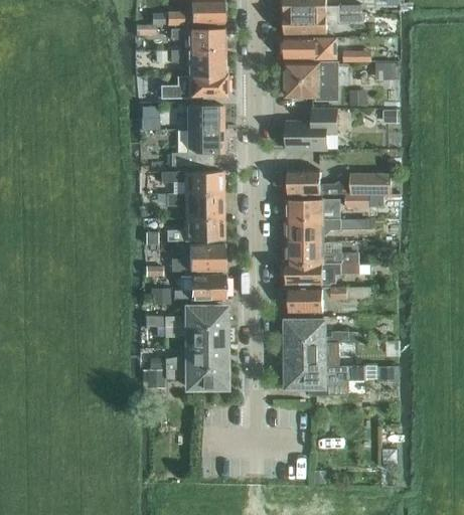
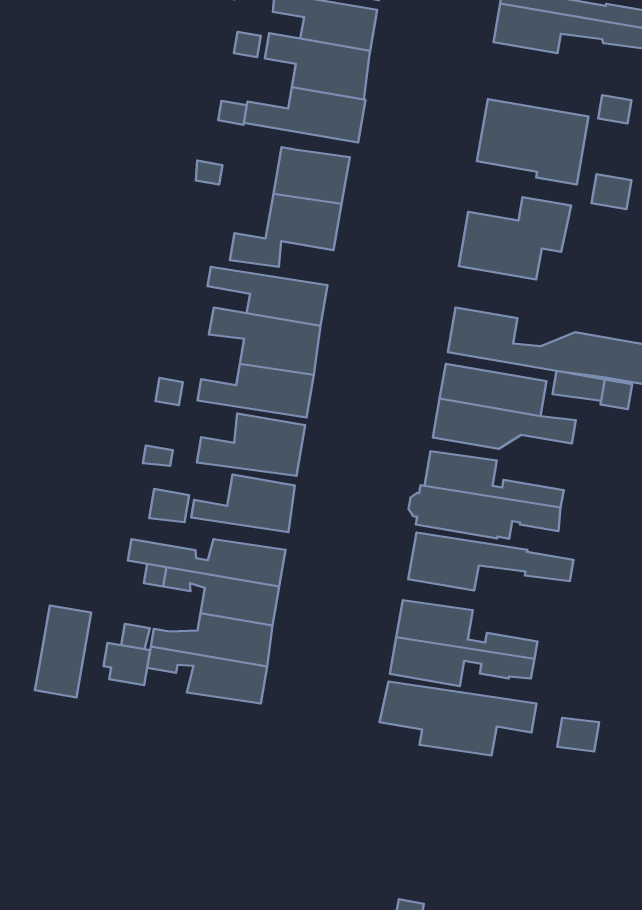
building: [284,37,337,59] -> none
building: none -> [35,605,91,697]

